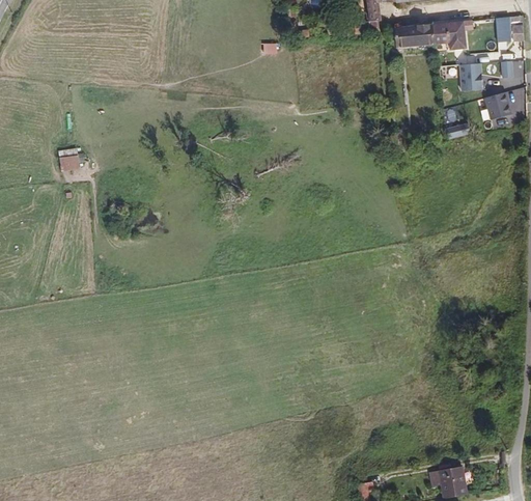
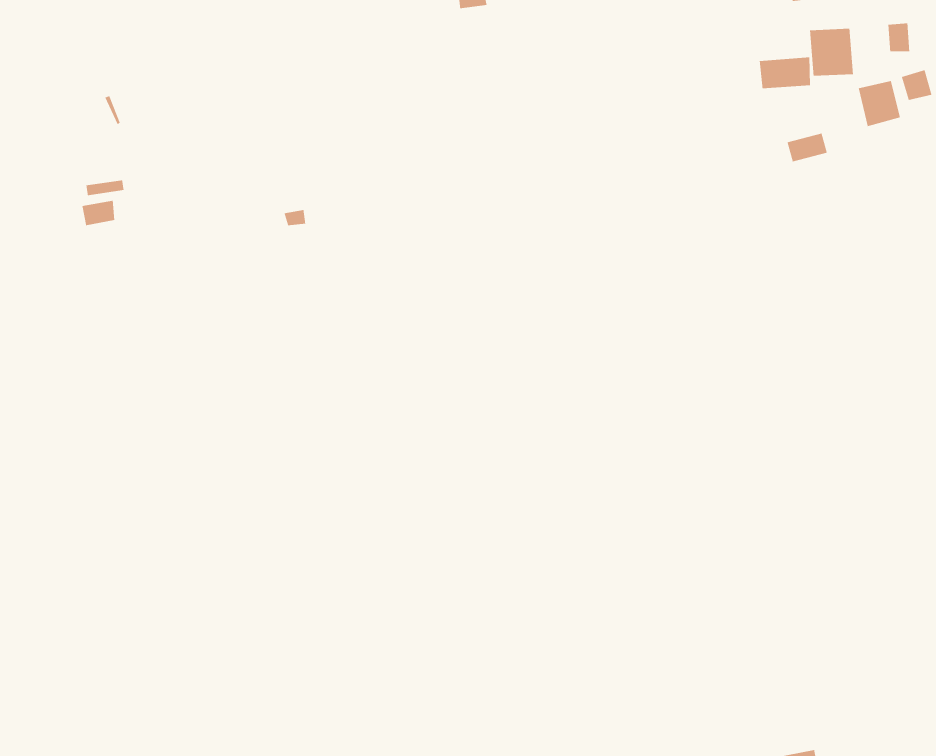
building: none -> [759,57,811,89]

